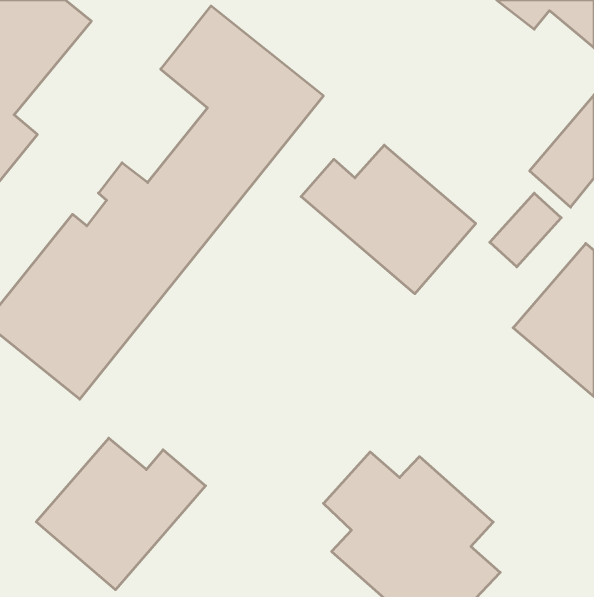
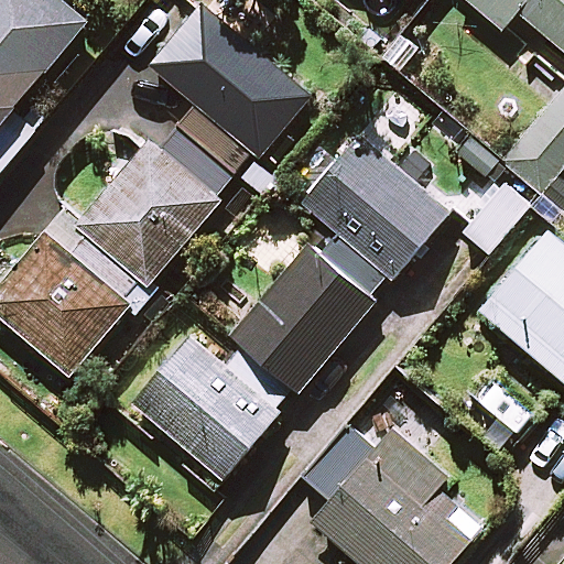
building: none -> [134,247,390,479]
building: [36,438,206,590] -> none

